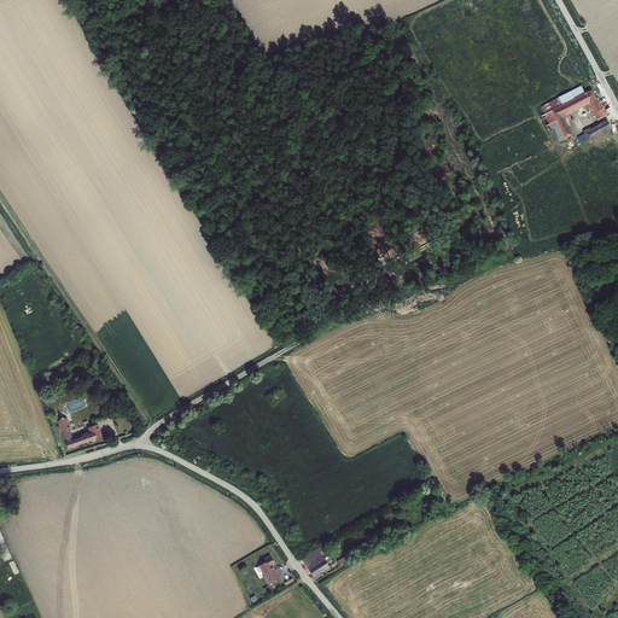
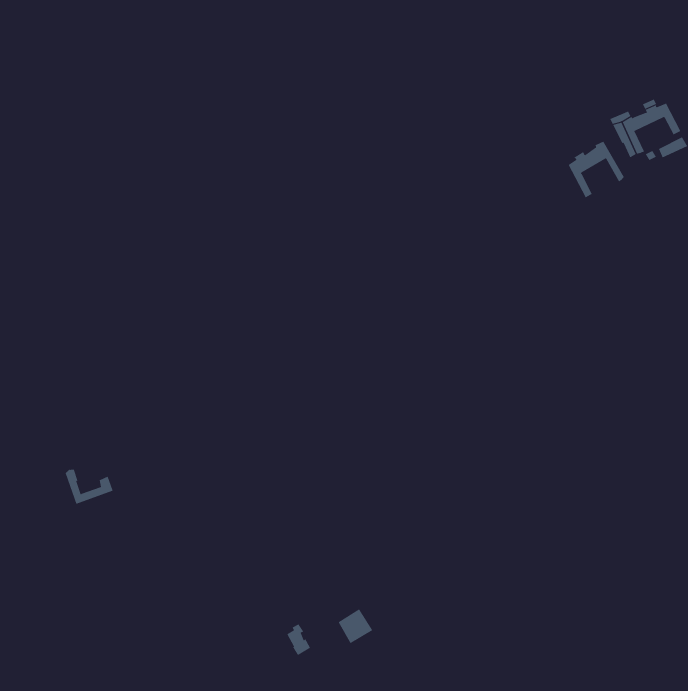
building: none -> [568,141,625,198]

